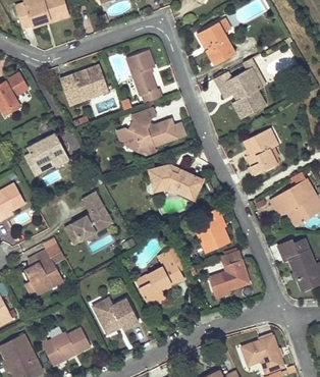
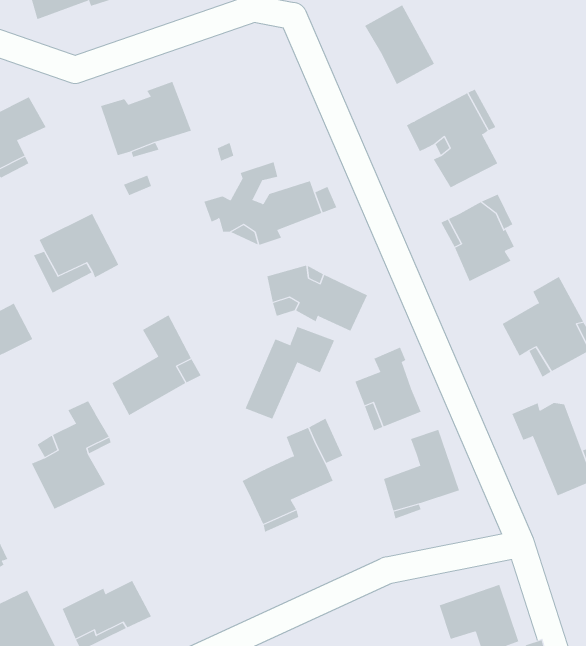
building: [126,49,163,102] -> none
building: none -> [245,326,335,420]
building: [95,298,141,333] -> none

